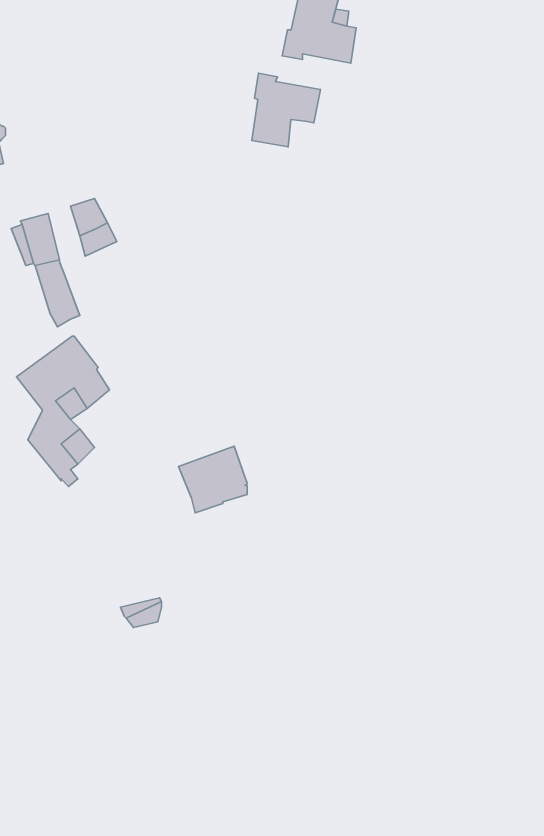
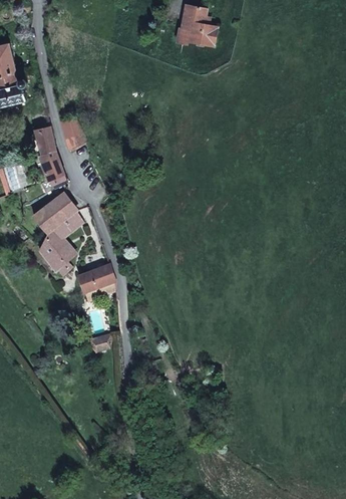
building: [252,73,321,147] -> none
building: [178,446,247,513] -> [78,264,115,300]

